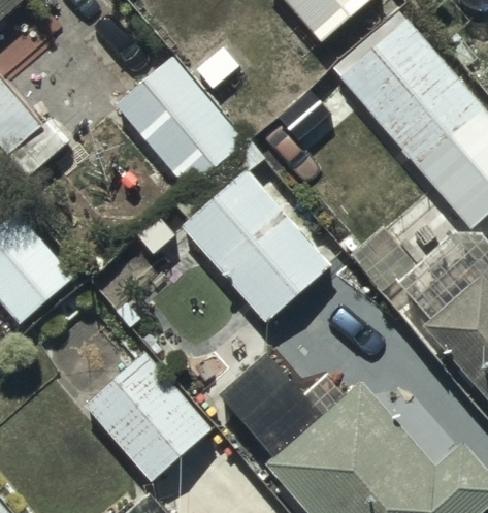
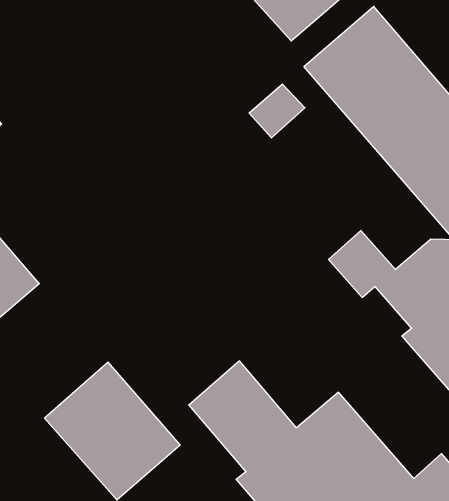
building: [113,50,248,187] -> none
building: [182,169,329,320] -> none

